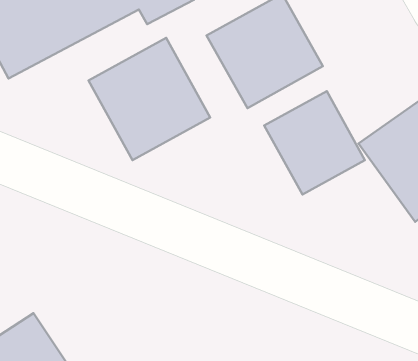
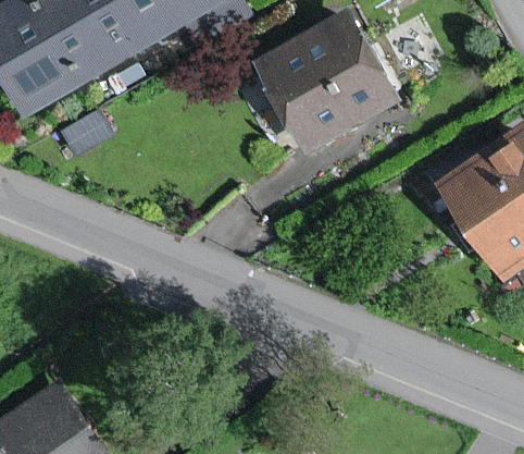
building: [88,38,210,160] -> none
building: [264,91,365,194] -> none

